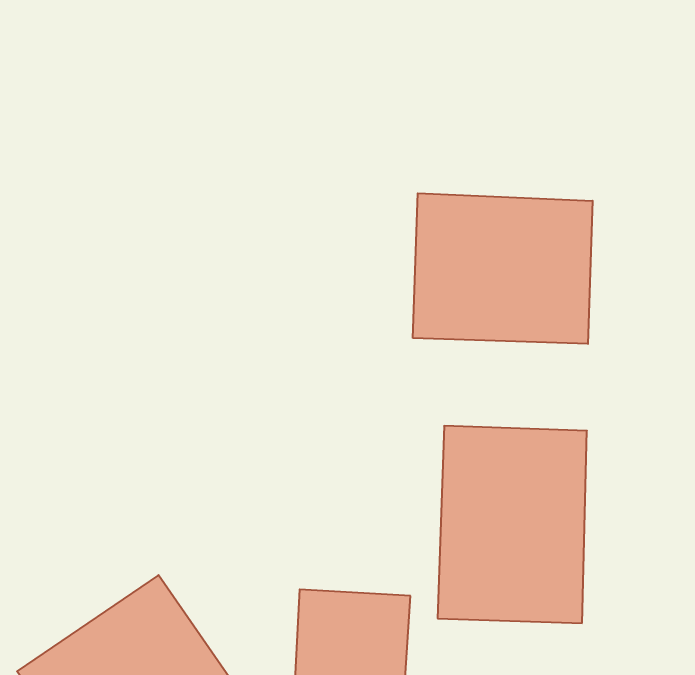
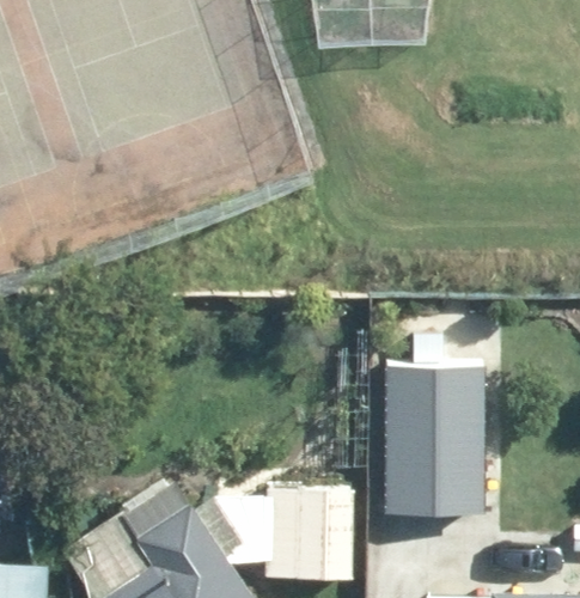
building: [413,193,593,344] -> none

